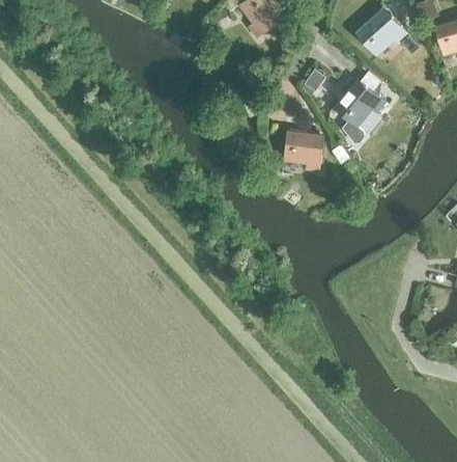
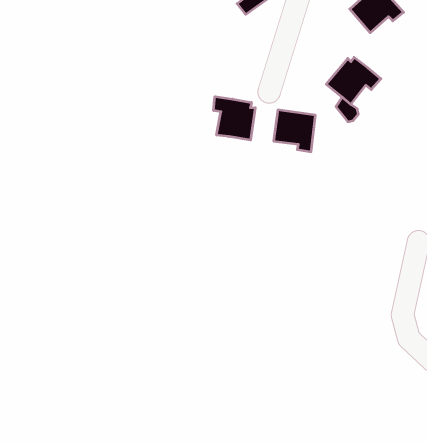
building: none -> [214,97,255,140]

